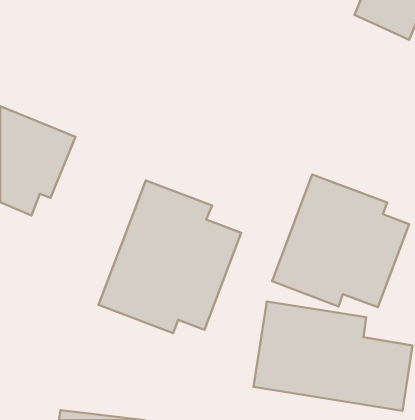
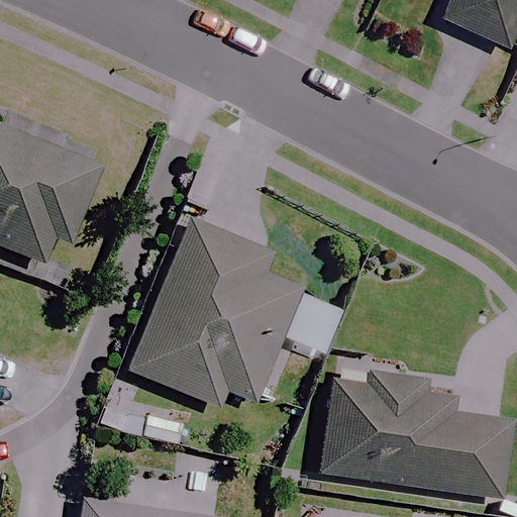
building: [272,174,409,307] -> none

